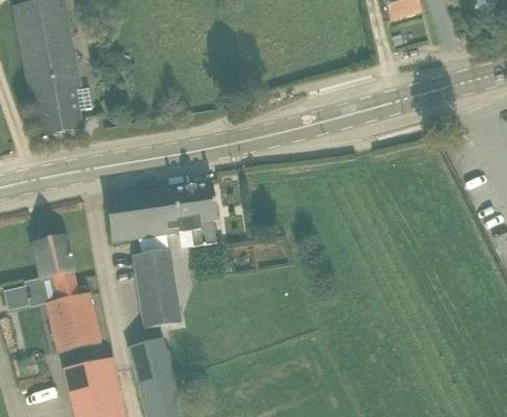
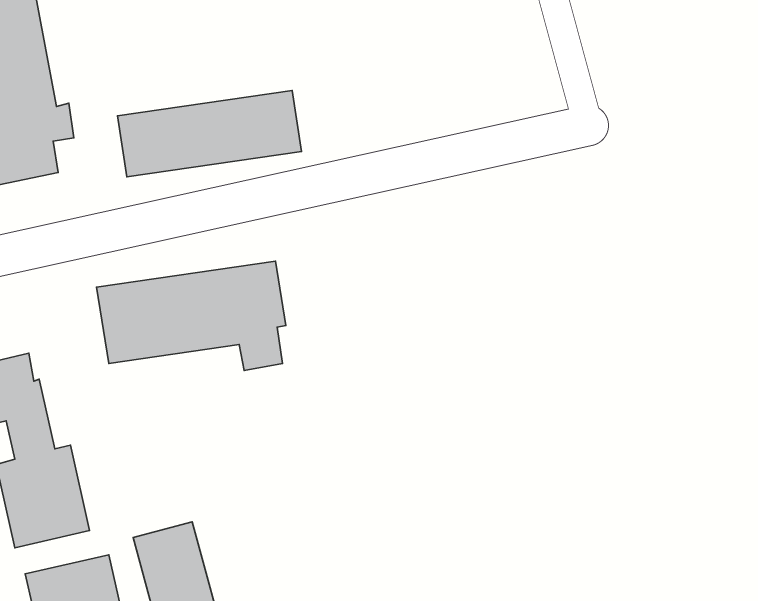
building: none -> [118,90,302,177]
building: [131,247,182,327] -> none

